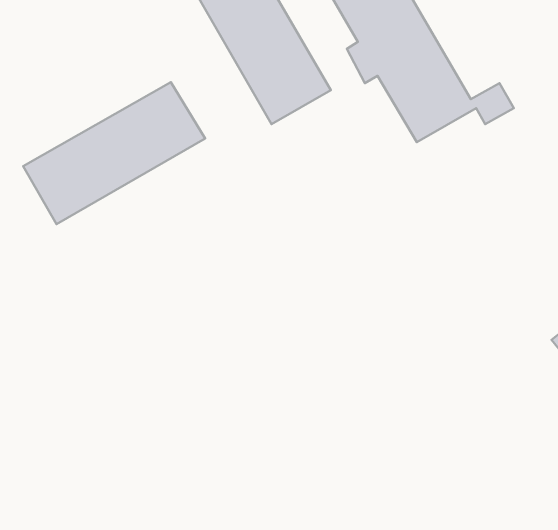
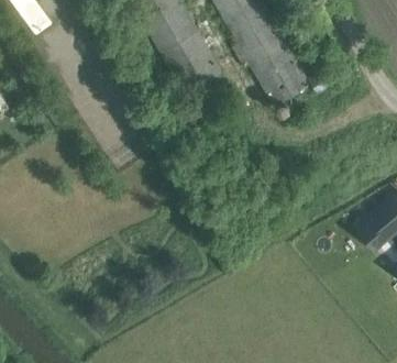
building: [23,82,205,224] -> none

